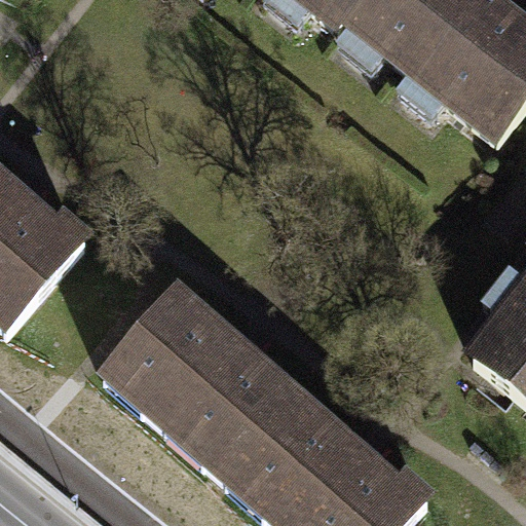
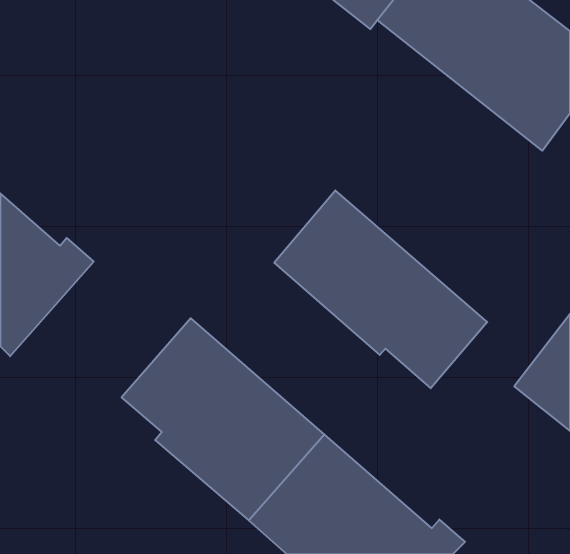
building: none -> [274,190,487,388]

